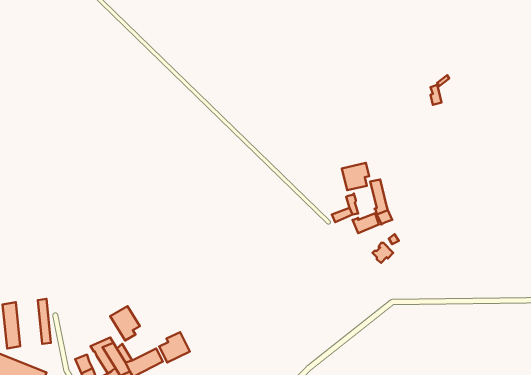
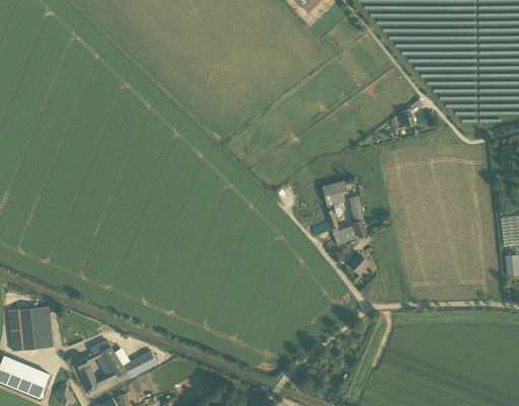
building: none -> [20,307,45,349]
building: [110,306,140,341] -> none
building: [159,332,190,362] -> none

